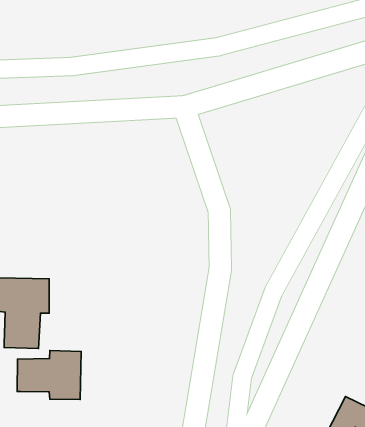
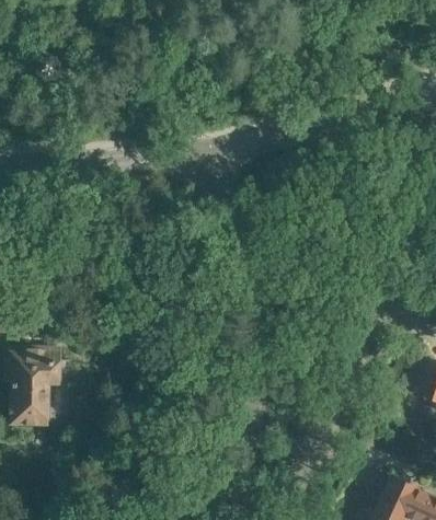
building: [17,350,81,399] -> none

